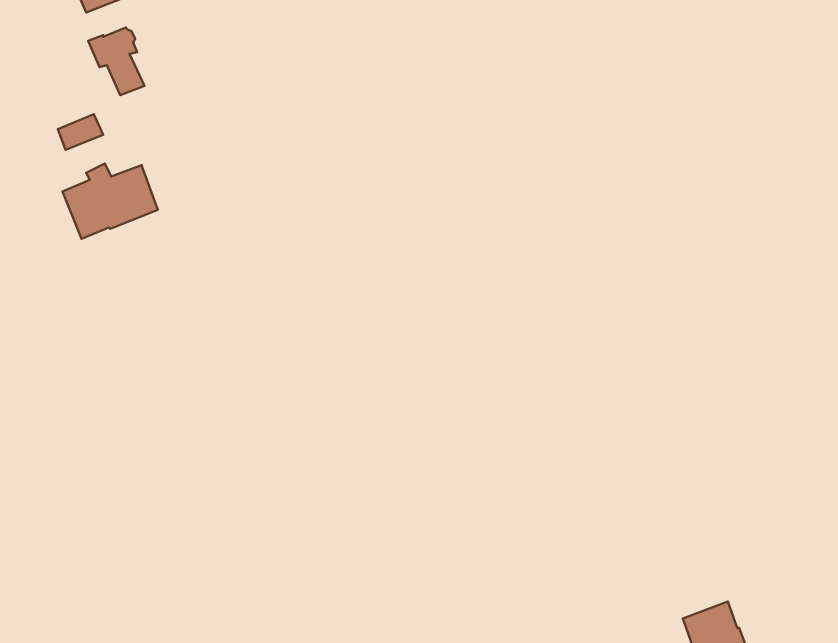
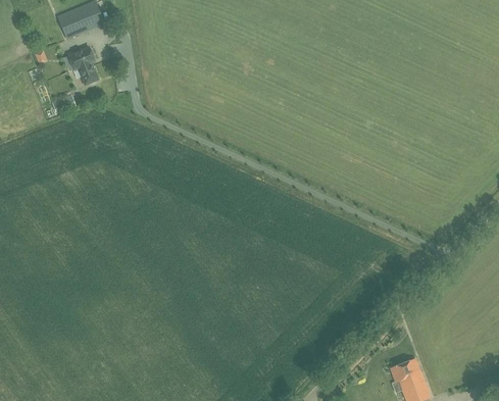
building: [63,164,158,239] -> none

